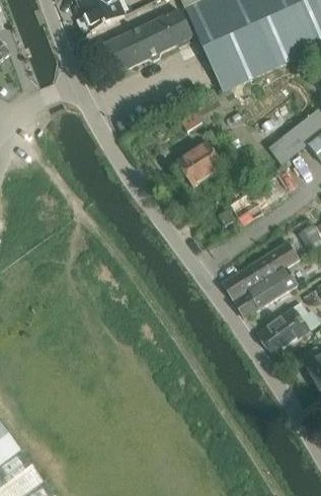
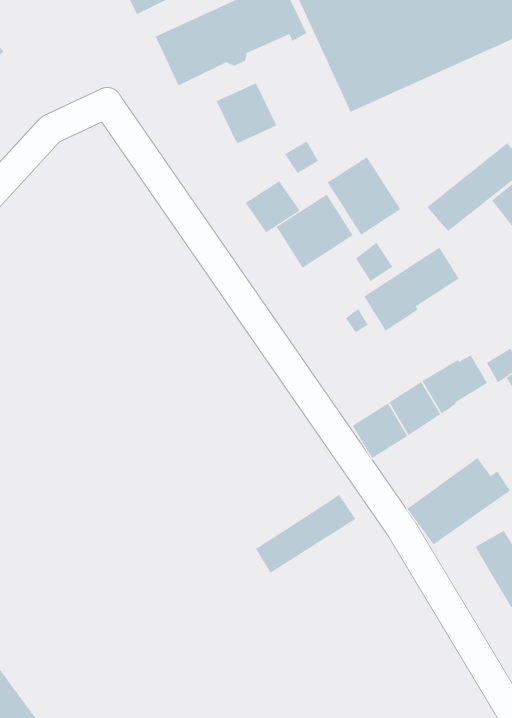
building: none -> [216,82,277,144]
building: none -> [327,157,401,235]
building: none -> [245,180,301,233]
building: [235,269,297,317] -> [255,494,356,574]

